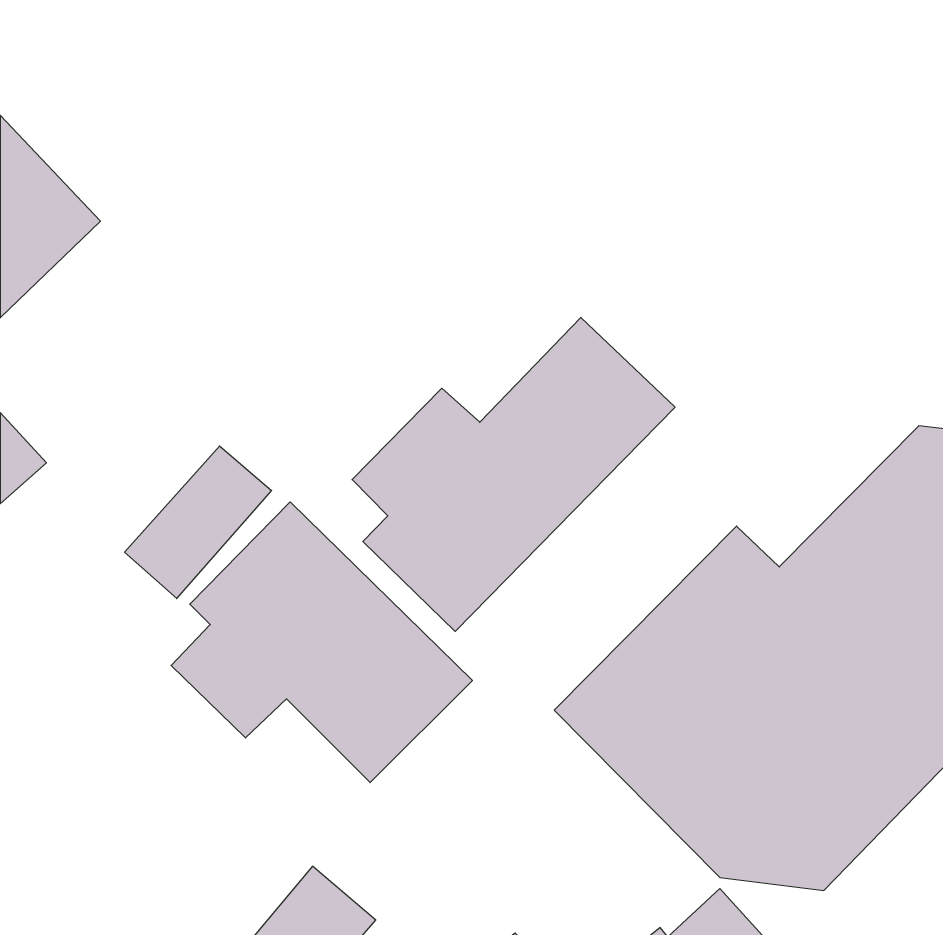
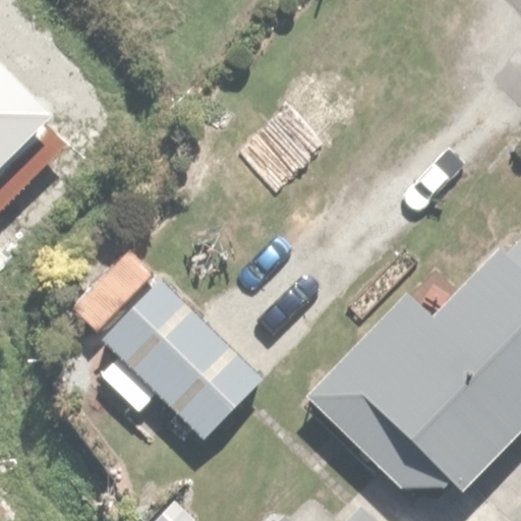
building: [352,317,675,631] -> none

